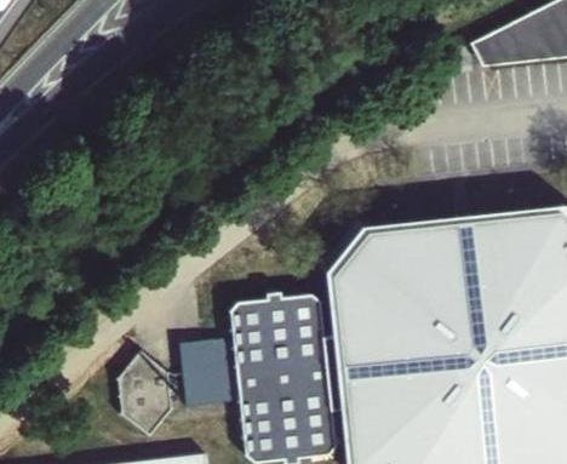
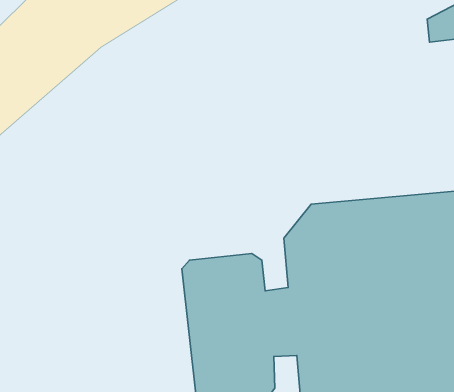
building: [178,334,233,403] -> none
building: [116,349,171,434] -> none

